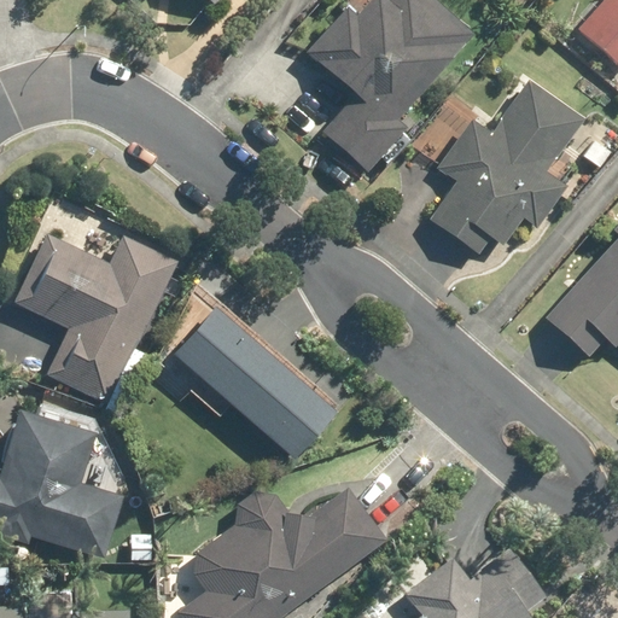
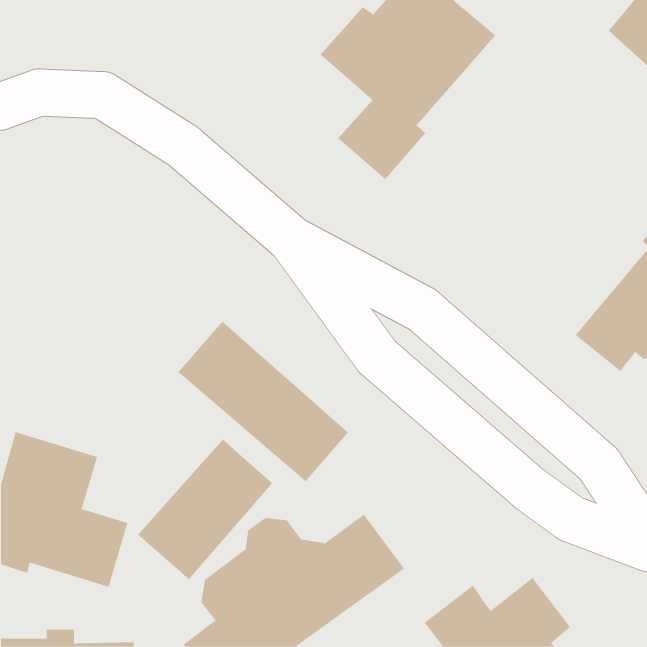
building: [428,81,584,255] -> none
building: [13,234,180,414] -> none
building: none -> [137,439,273,580]

